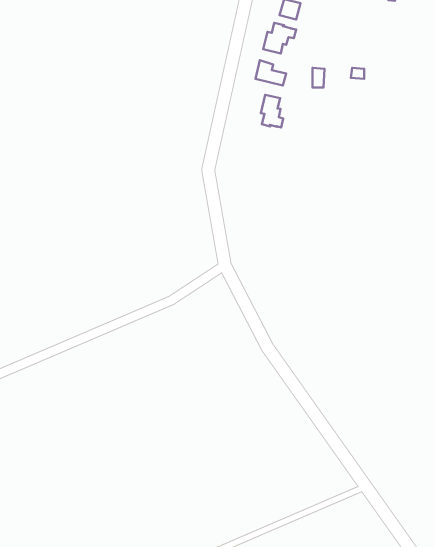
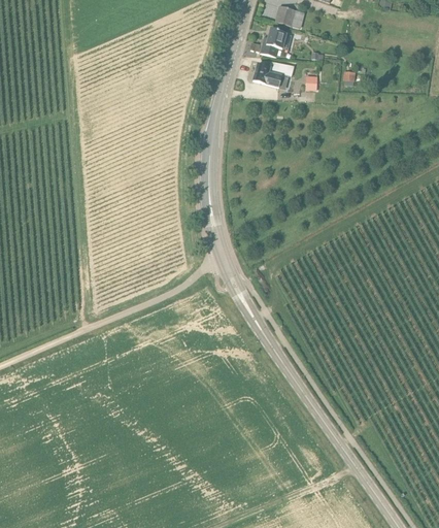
building: [261,95,283,128] -> none

